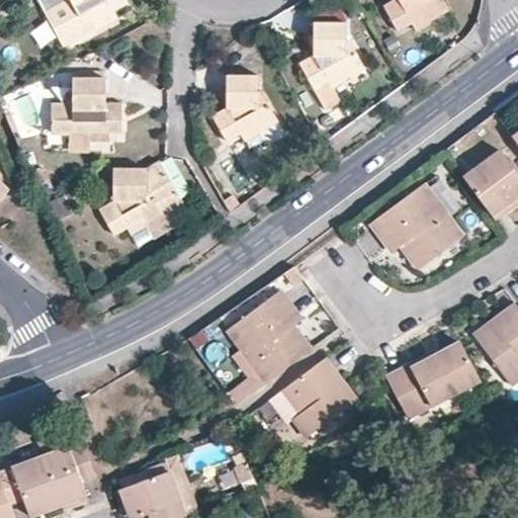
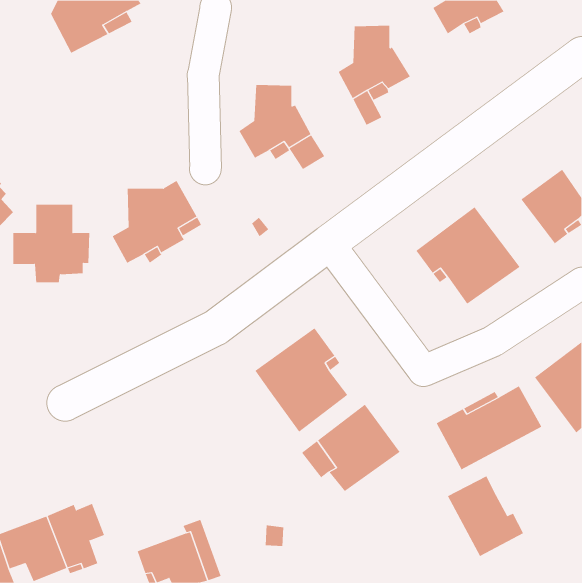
building: [52,79,120,149] -> [13,204,90,283]
building: [228,346,265,404] -> none
building: none -> [447,476,524,557]

